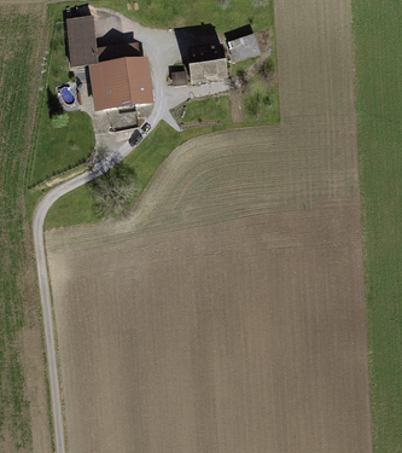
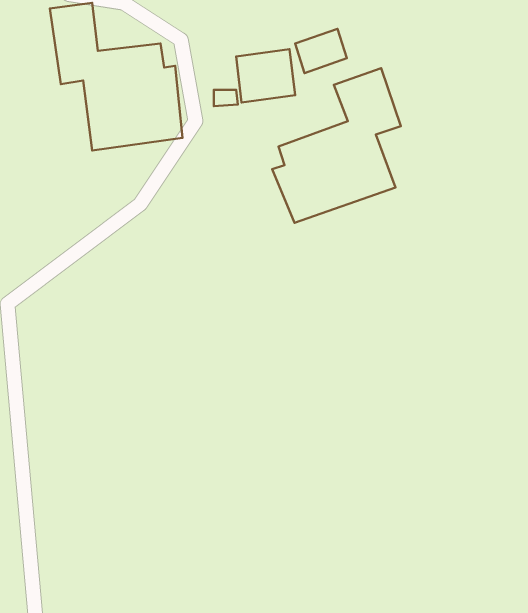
building: none -> [272,68,401,223]

